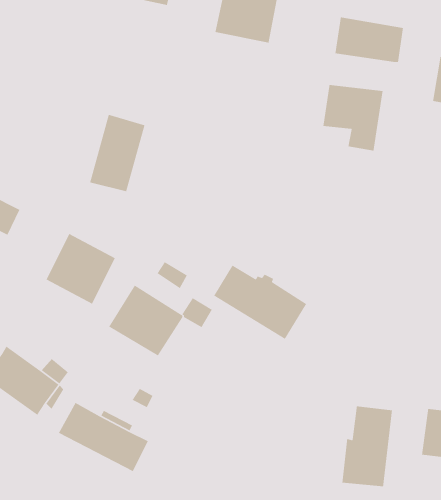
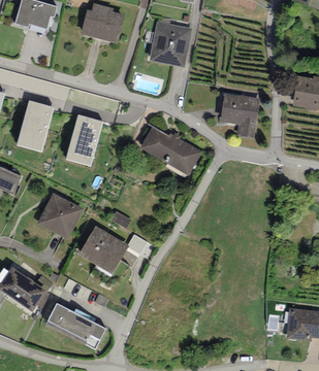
building: [335,16,404,63] -> none
building: none -> [15,100,54,151]
building: [213,265,307,340] -> [140,126,202,175]
building: [341,406,393,487] -> none

